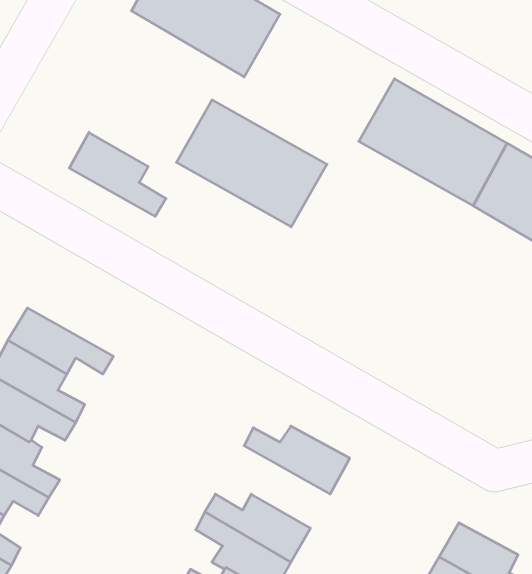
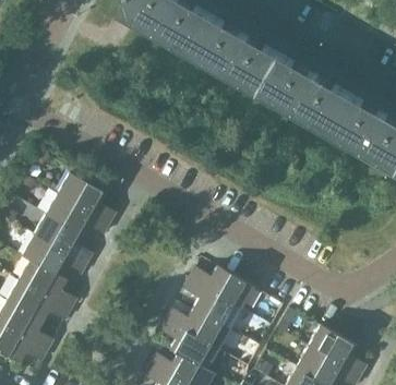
building: [176,100,327,227] -> [188,19,279,96]
building: [69,132,166,216] -> [56,176,115,227]
building: none -> [181,281,240,332]

